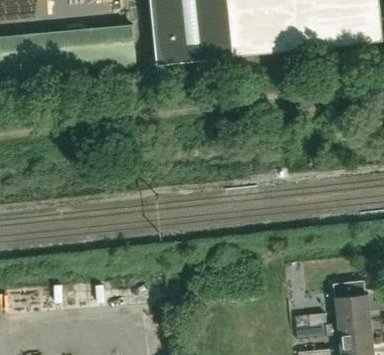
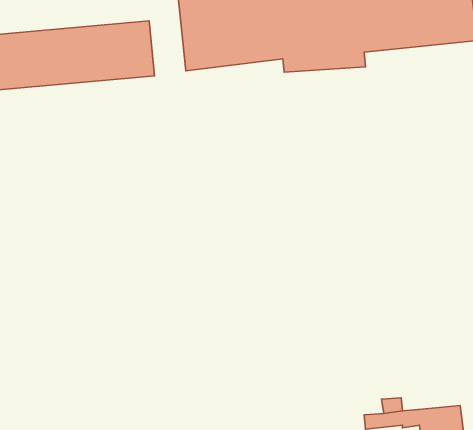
building: [334,294,369,322] -> none

